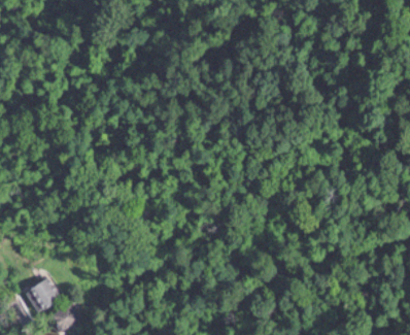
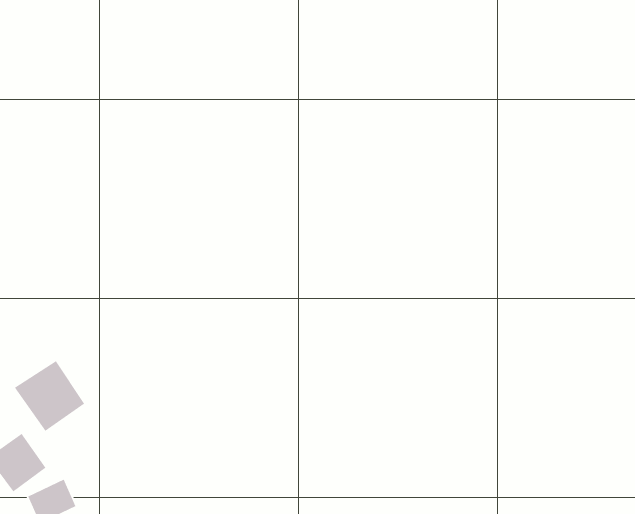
building: none -> [14,360,85,432]

